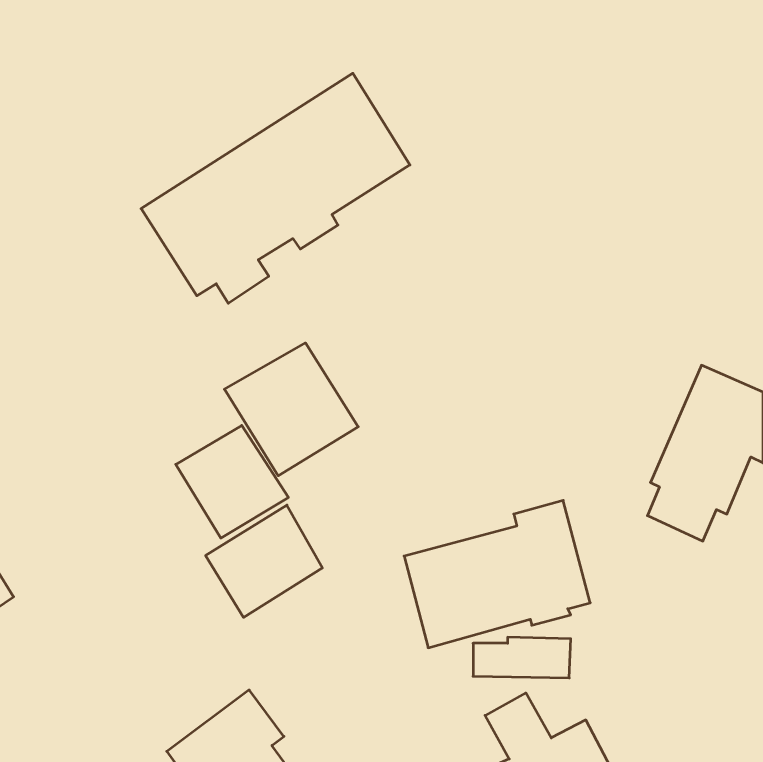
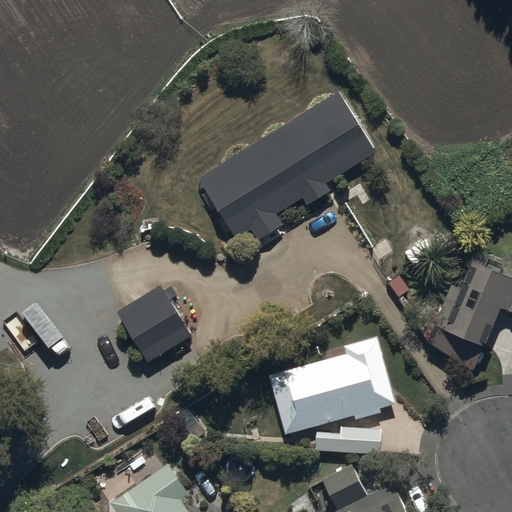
building: [141,73,410,303] -> [198,90,377,243]
building: [224,343,358,476] -> none
building: [206,505,322,617] -> none

